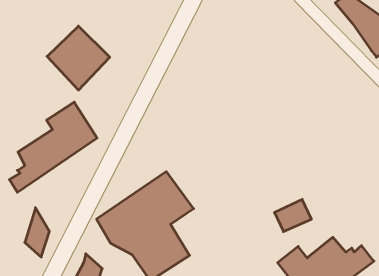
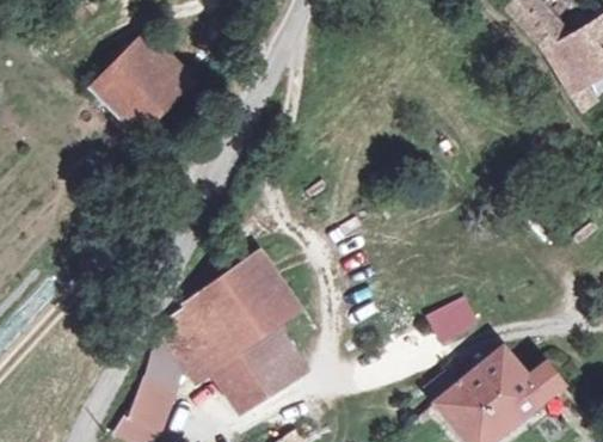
building: [9,102,97,192] -> none
building: [25,208,49,257] -> [148,324,184,395]

